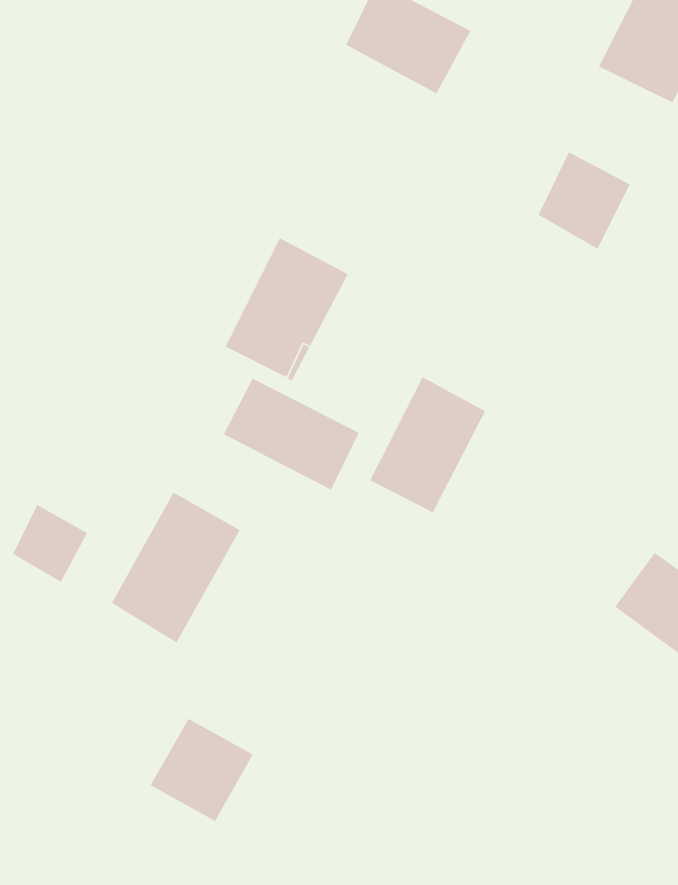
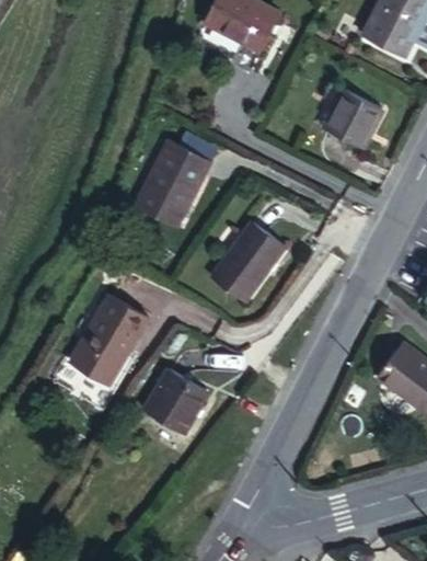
building: [223,377,360,491] -> none
building: [12,504,88,583] -> none
building: [150,718,254,822] -> [146,367,208,430]

